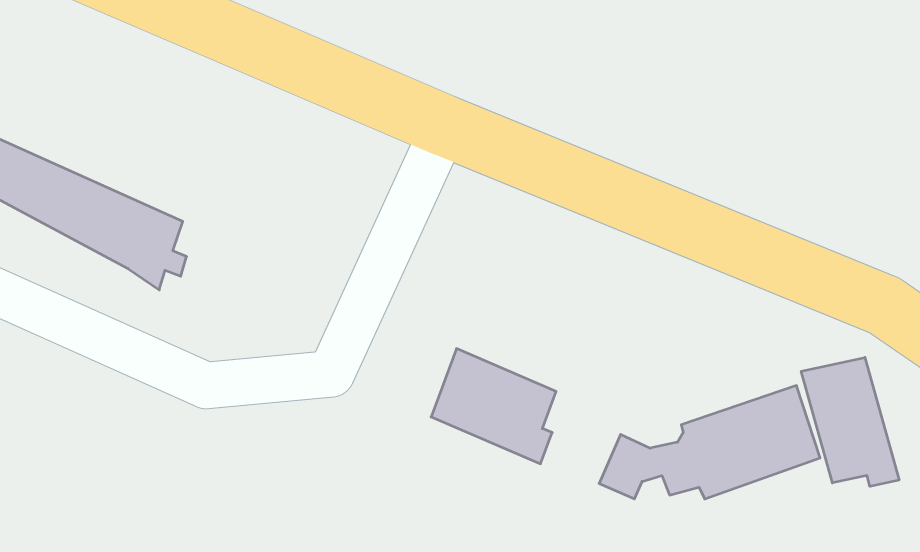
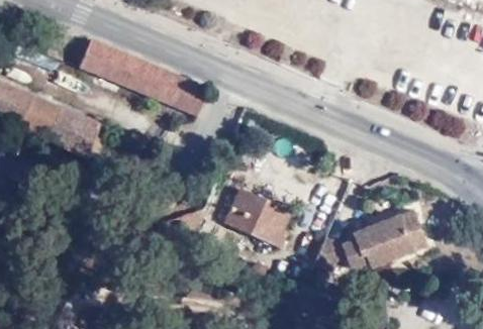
building: none -> [81,38,204,119]
building: [801,357,899,486] -> none

